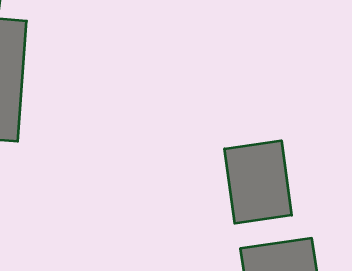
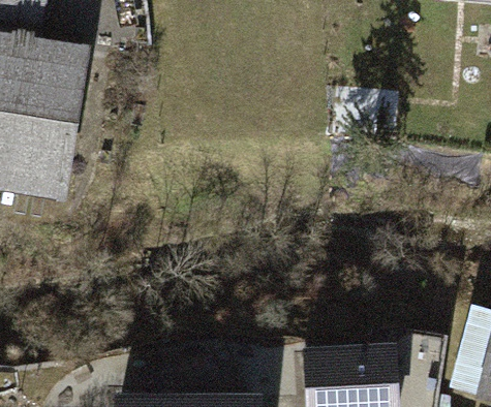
building: [225,141,292,223] -> none

